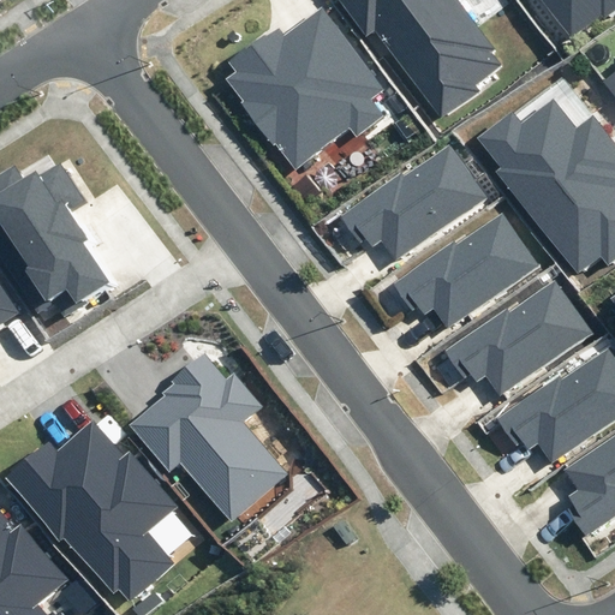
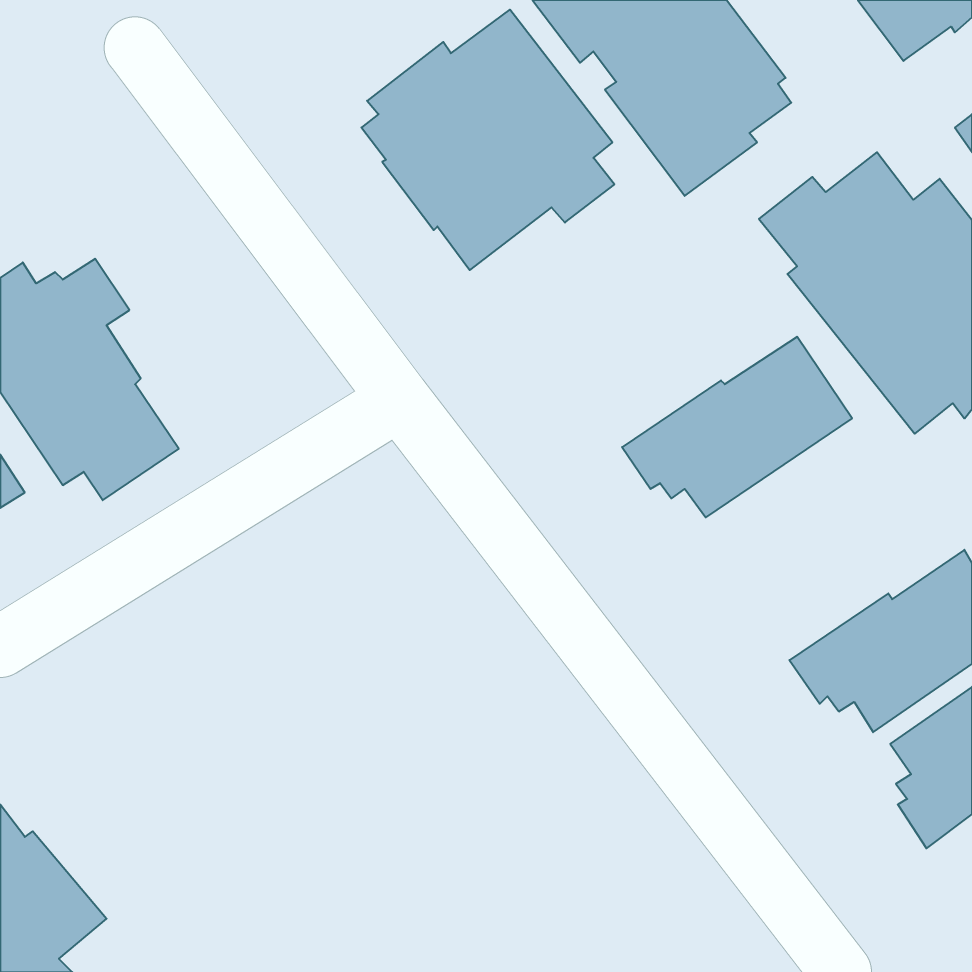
building: [338,145,484,261] -> none
building: [446,281,591,395] -> none
building: [132,353,289,523] -> none
building: [6,420,177,603] -> none

